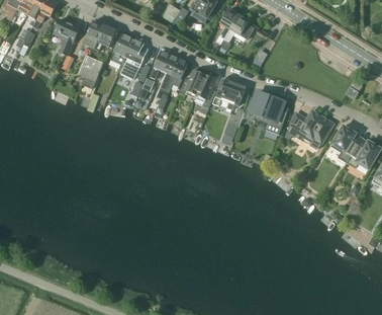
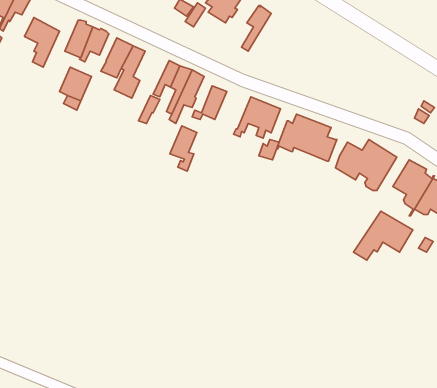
building: [221,15,254,50] -> none
building: [196,74,216,108] -> [170,126,197,171]
building: none -> [353,211,413,260]

